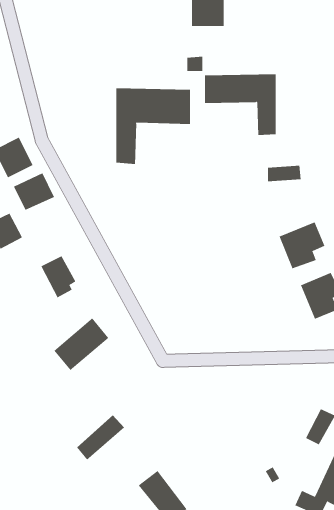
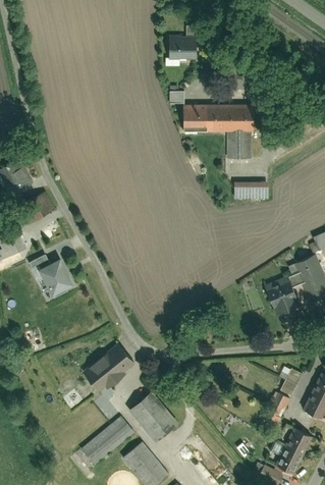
building: [116,88,190,165] -> none
building: [279,221,325,269] -> none
building: [53,318,109,371] -> [86,343,133,389]
building: none -> [131,391,180,440]
building: none -> [84,416,132,462]

